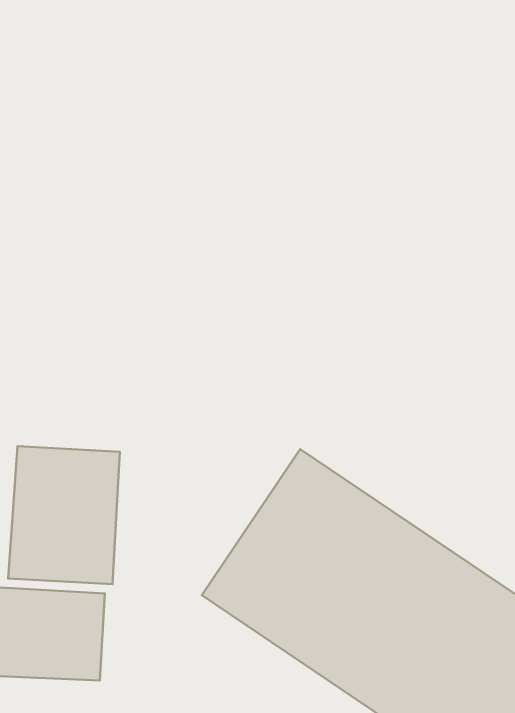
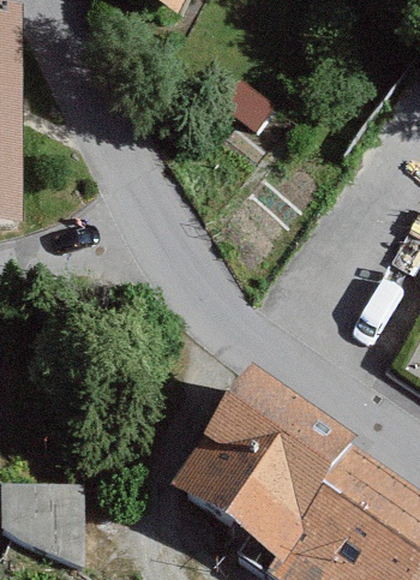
building: [8,446,120,584] -> none

